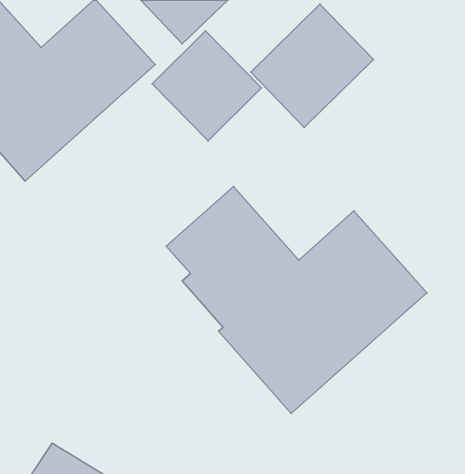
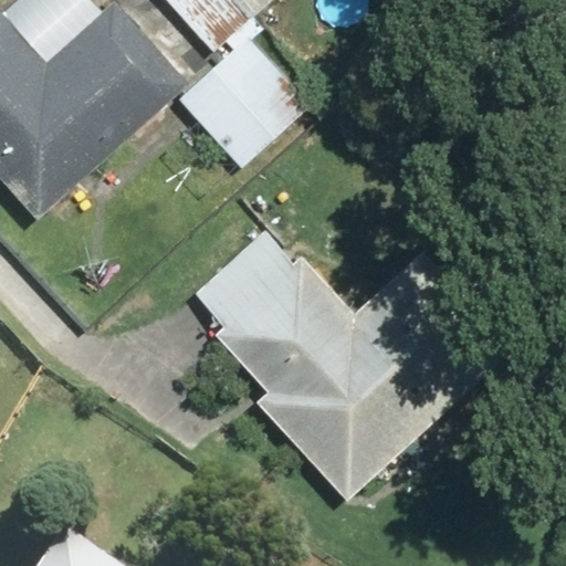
building: [251,4,373,128] -> none

